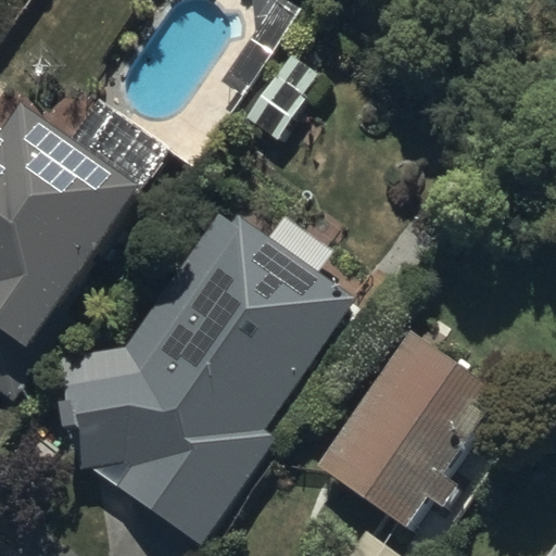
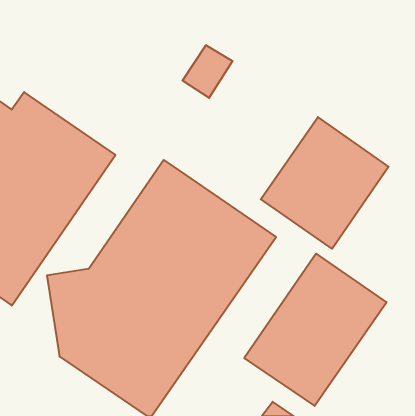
building: none -> [261,117,389,249]

